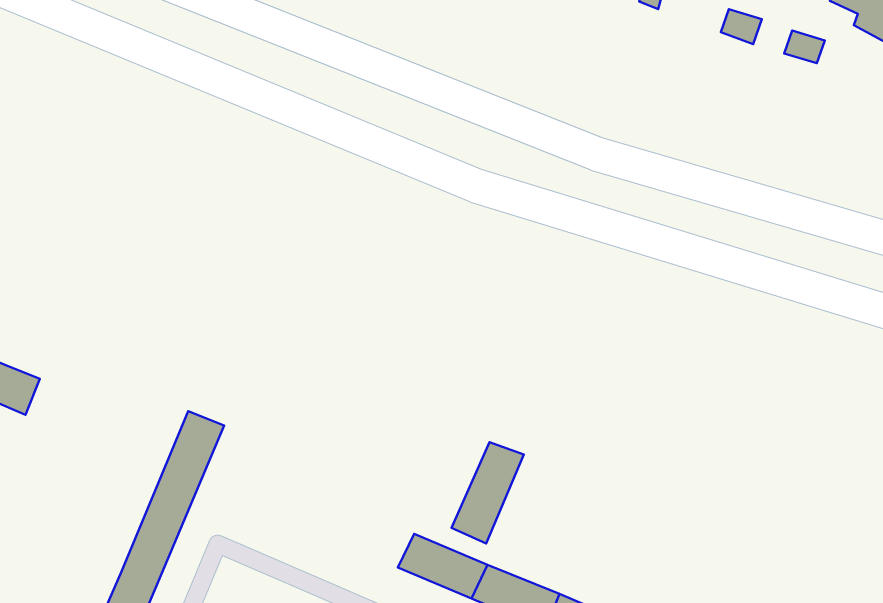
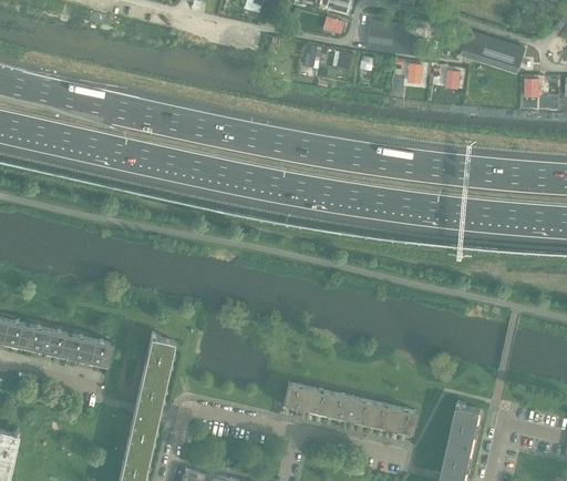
building: none -> [63,334,111,364]
building: [452,442,524,543] -> none

